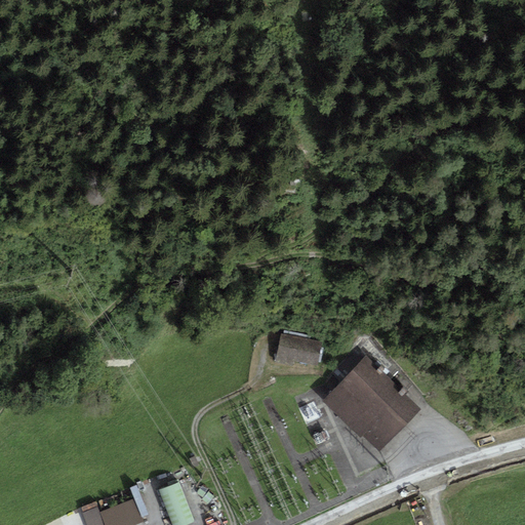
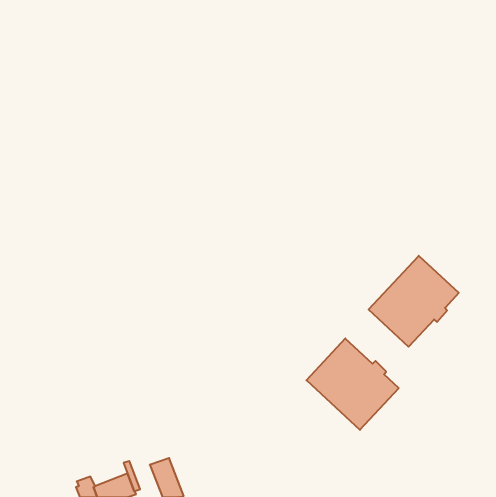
building: none -> [369,256,459,347]
building: [274,334,322,366] -> none

